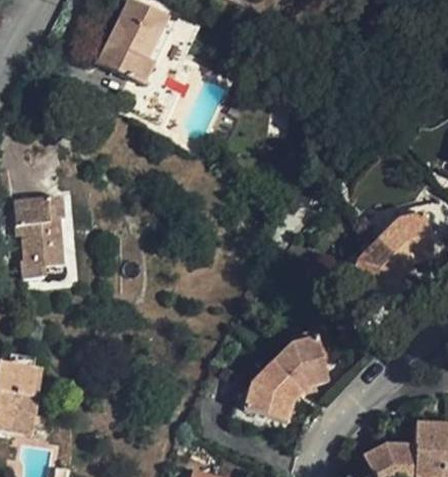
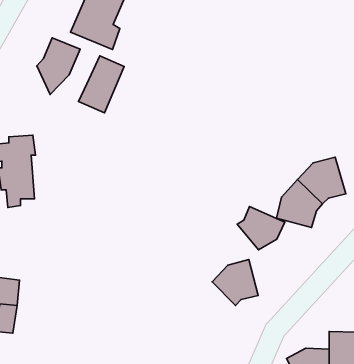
building: none -> [37,38,80,94]
building: none -> [79,56,124,113]
building: none -> [237,206,285,250]
building: [245,364,301,421] -> none

